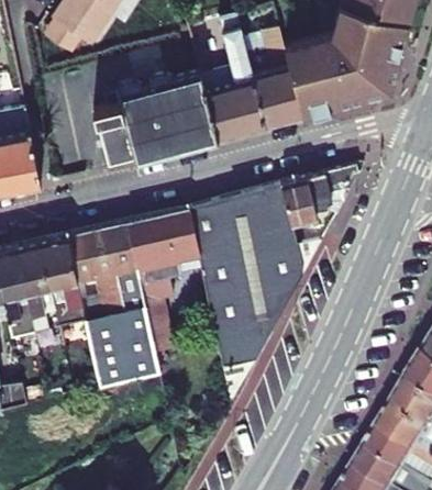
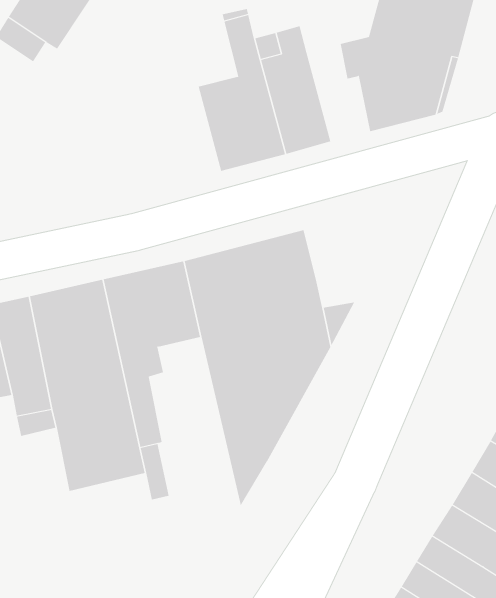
building: [284,41,332,116] -> none
building: [92,71,217,169] -> none
building: [281,165,357,225] -> none

